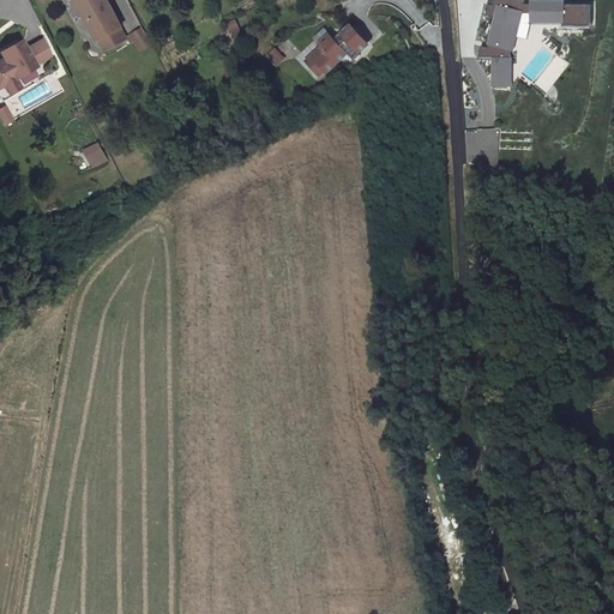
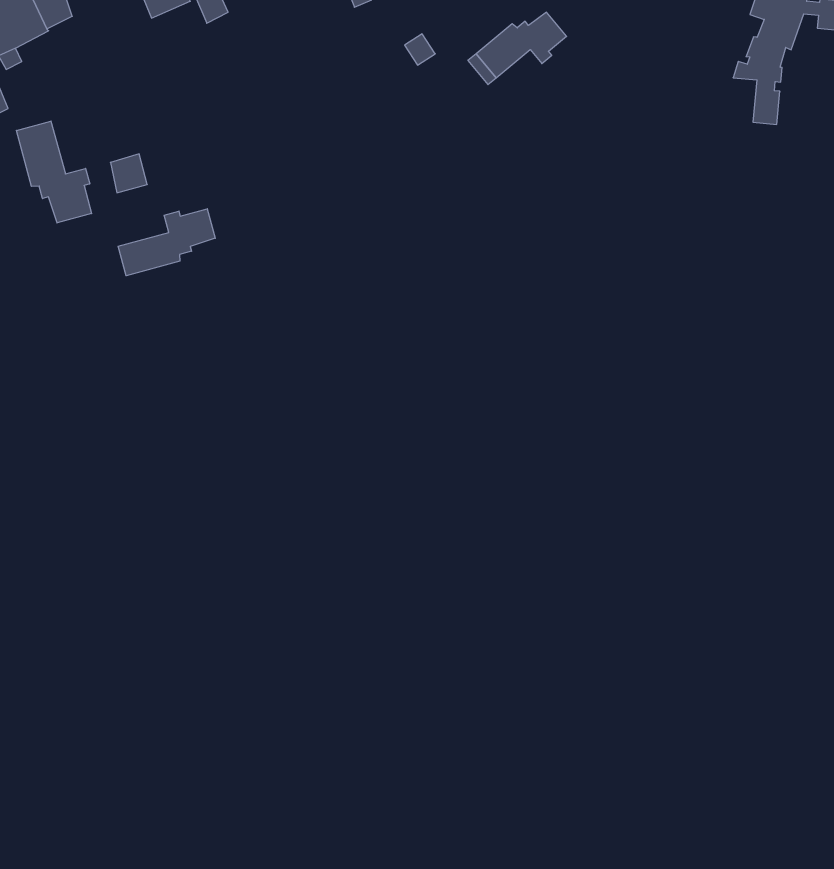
building: none -> [16,121,92,223]
building: none -> [118,209,215,276]

